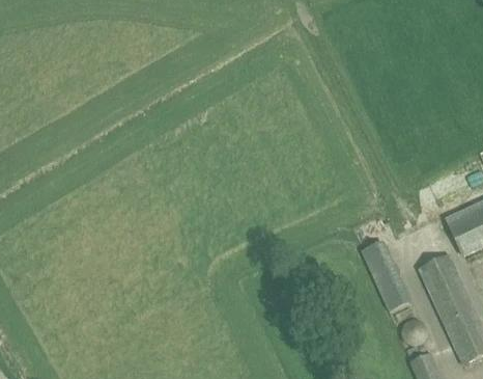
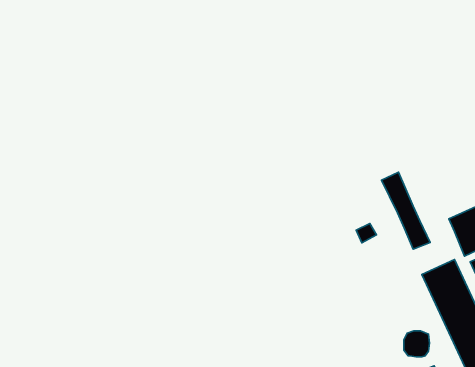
building: [362,242,406,313] -> [382,172,430,249]

